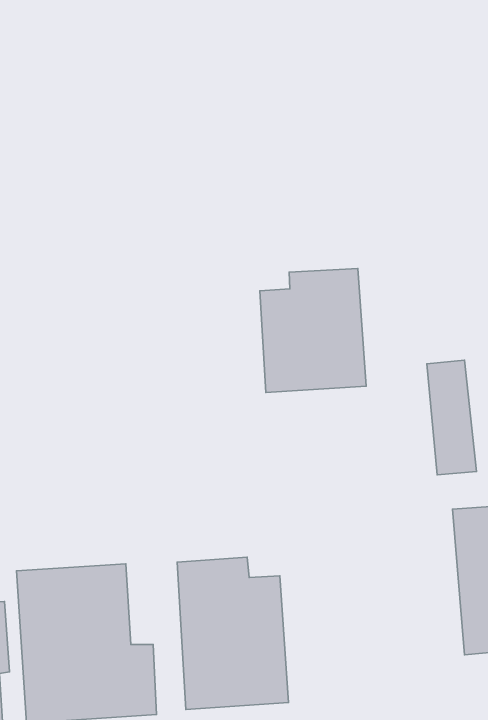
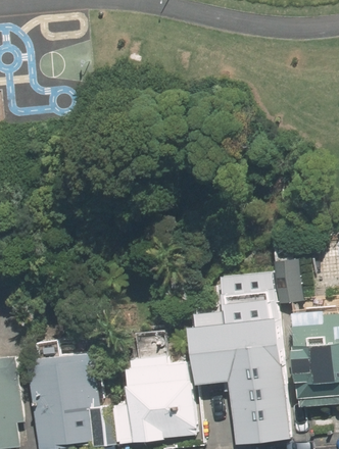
building: [260,268,366,392] -> none
building: none -> [191,284,284,439]

